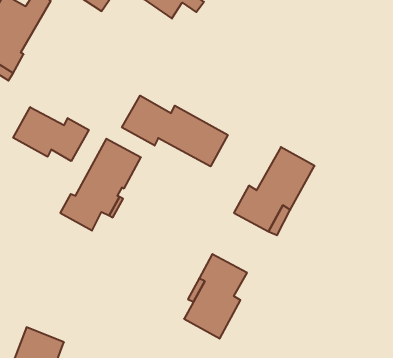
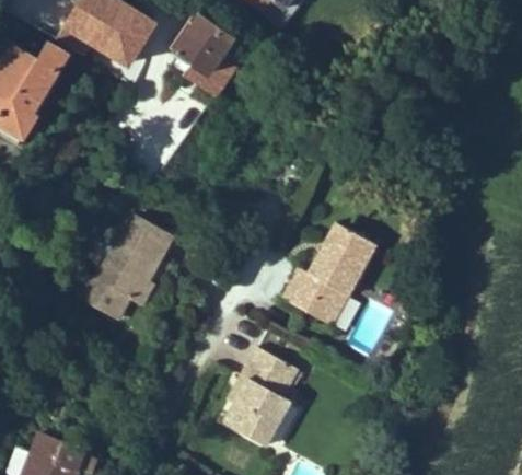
building: [122,96,228,166] -> none
building: [13,107,89,161] -> none

